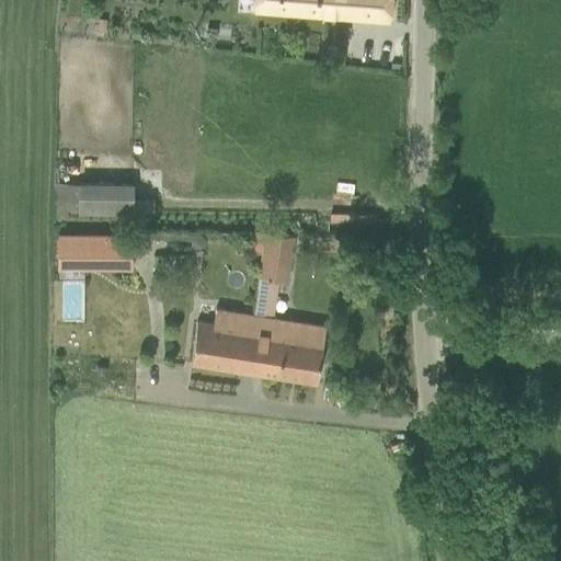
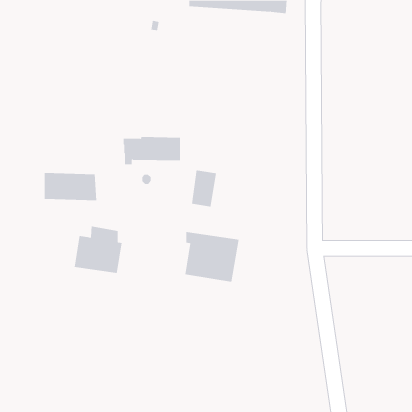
building: [56,182,135,220] -> [123,137,181,165]
building: [193,309,259,374] -> [74,226,123,274]

